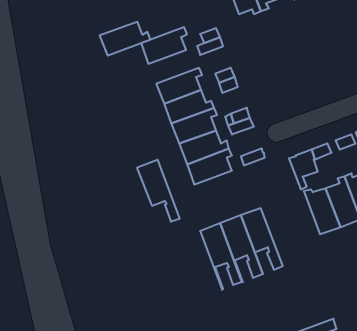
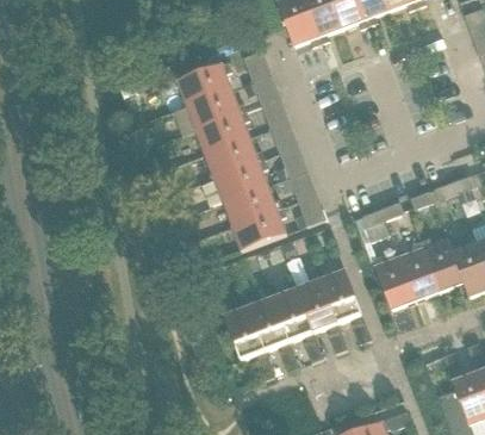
building: [100,22,150,56] -> [186,88,247,129]
building: [137,160,180,222] -> [223,305,274,379]
building: none -> [321,268,372,347]

